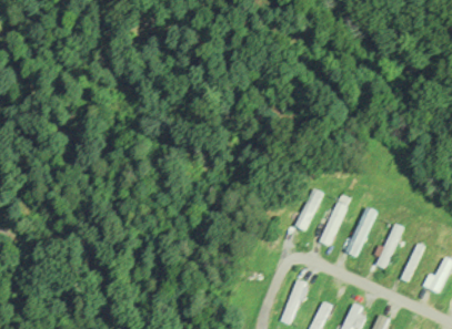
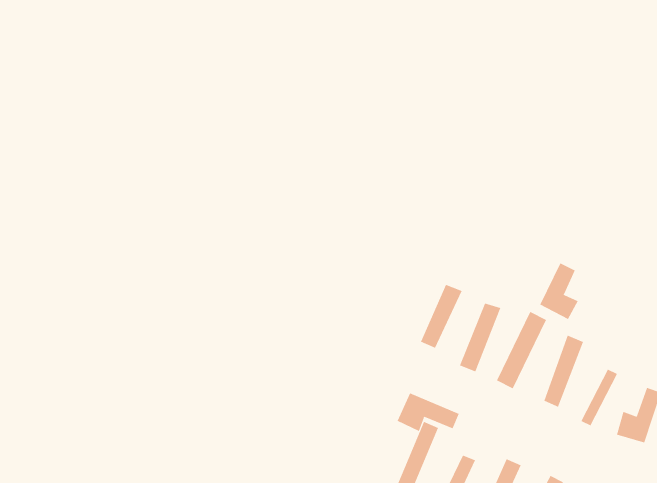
building: none -> [540,263,579,320]
building: none -> [397,393,459,432]

